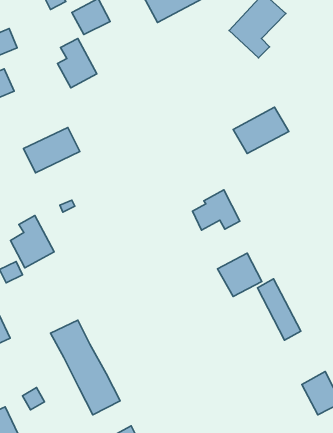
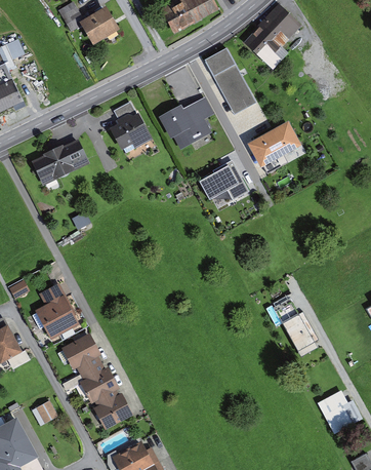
building: none -> [204,46,255,112]
building: [58,38,97,88] -> [109,101,149,151]
building: none -> [158,96,212,153]
building: [193,190,240,230] -> [200,158,248,199]
building: [11,215,54,268] -> [36,288,80,342]
building: [218,253,262,296] -> none

